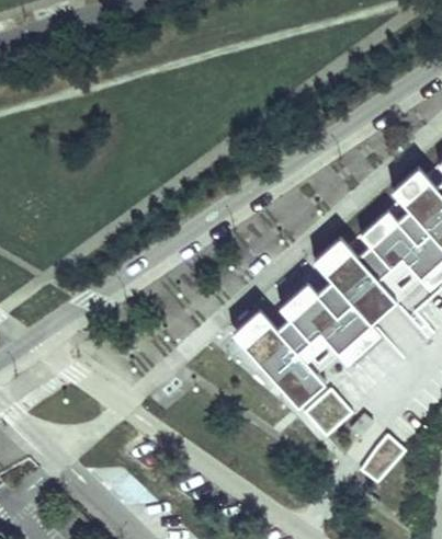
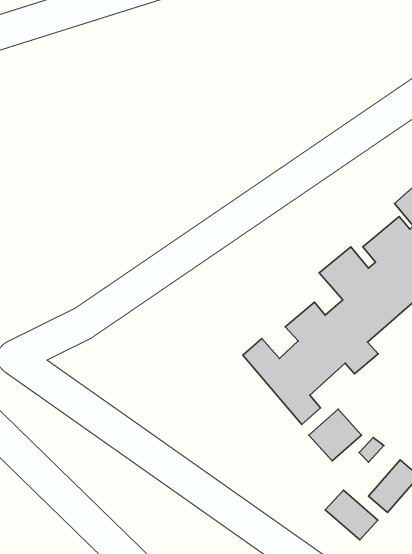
building: none -> [325,490,378,540]

